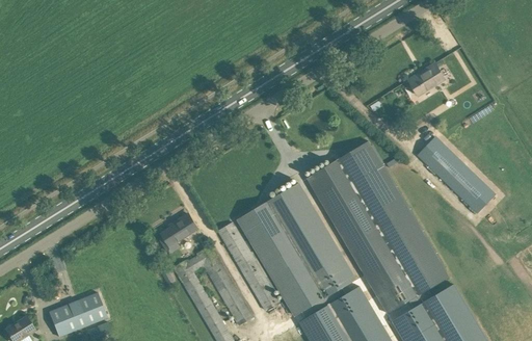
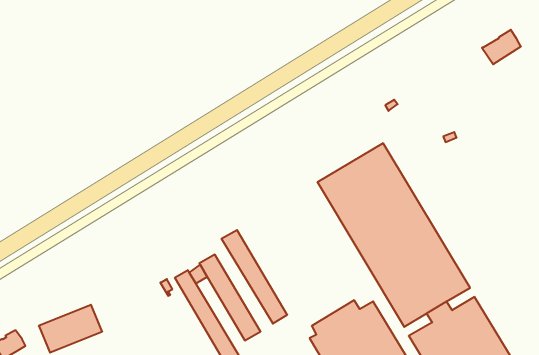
building: [407,63,444,96] -> [482,30,521,64]
building: [424,143,496,213] -> none
building: [237,183,355,316] -> none
building: [160,214,197,254] -> none

